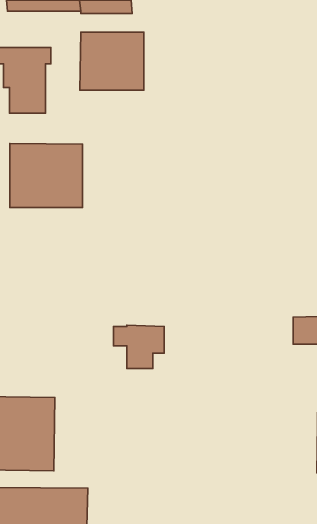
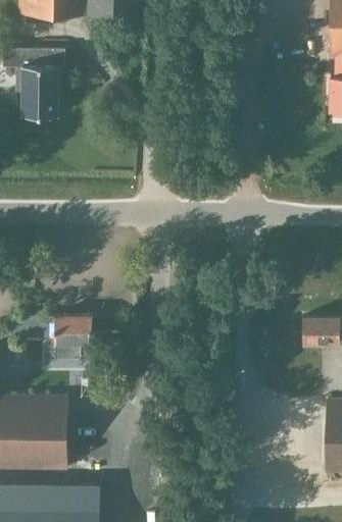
building: [80,32,144,90] -> none
building: [10,143,82,208] -> none
building: [114,325,164,369] -> [42,314,92,357]

